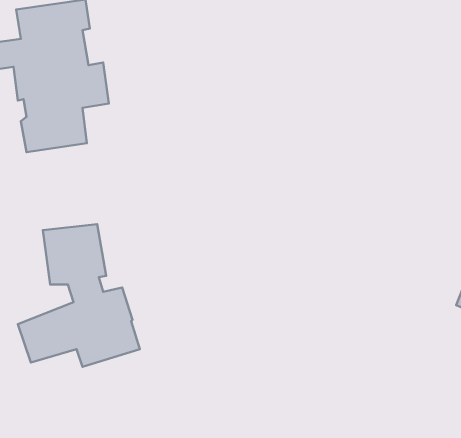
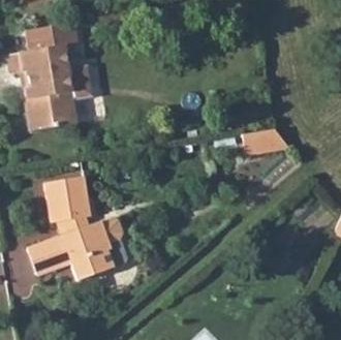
building: none -> [243,128,292,155]

